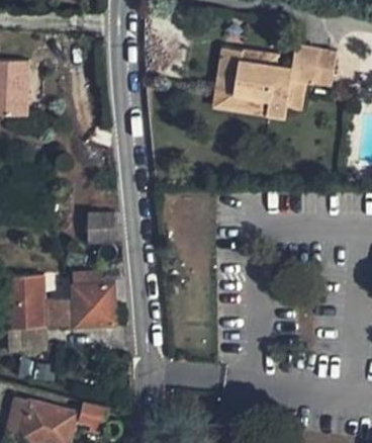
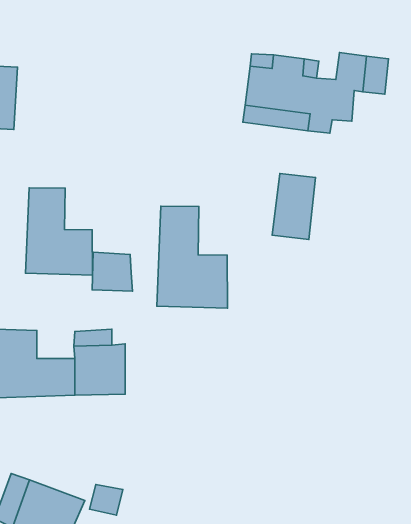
building: none -> [272,174,315,239]
building: none -> [25,188,93,275]
building: none -> [157,206,227,308]

